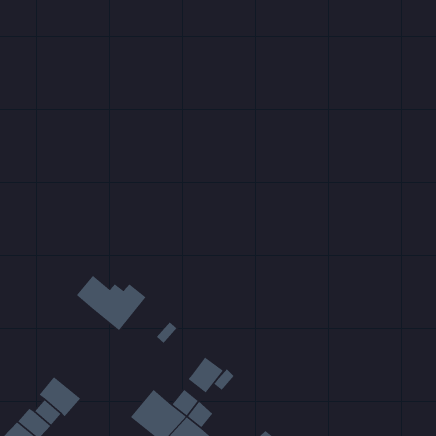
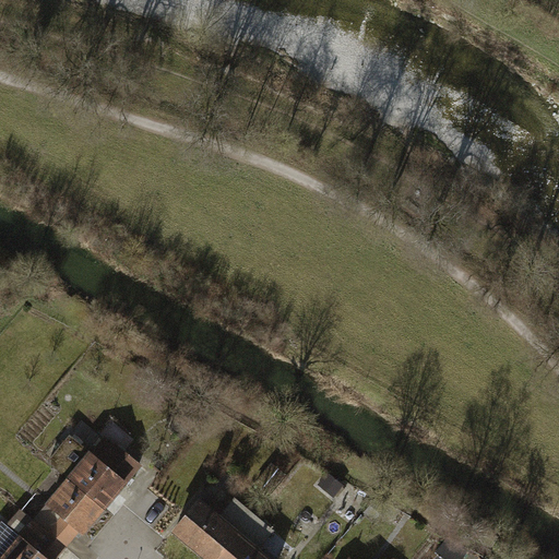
building: [76,275,147,331] -> [48,438,139,510]
building: [188,356,224,393] -> none

